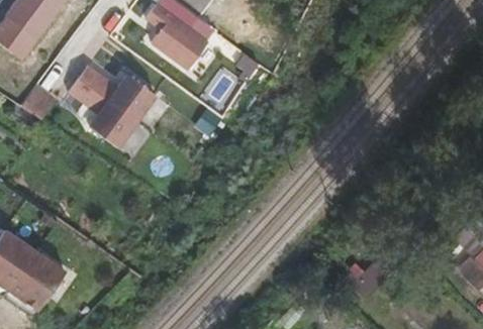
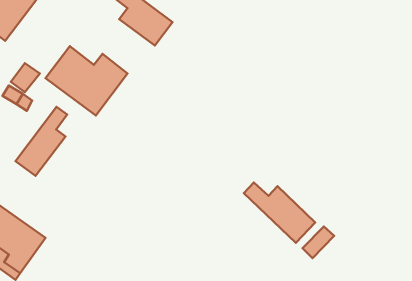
building: none -> [16,107,67,176]
building: none -> [244,182,315,243]

